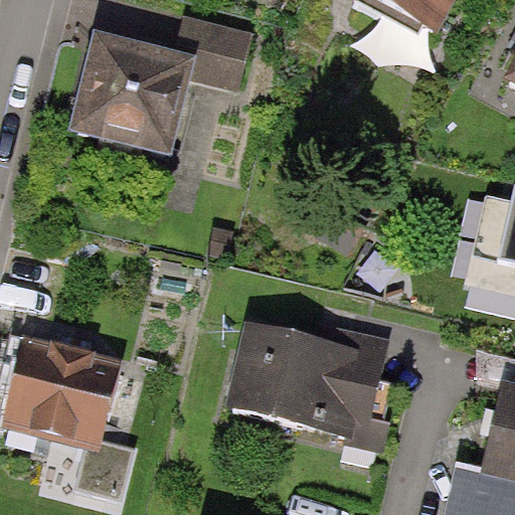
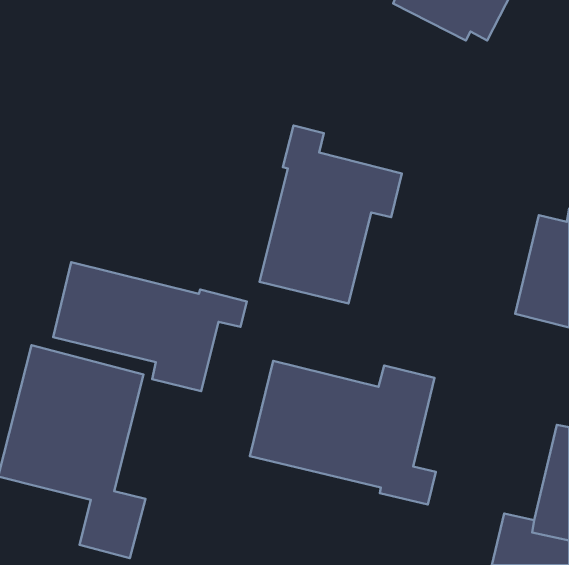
building: [67,20,251,160] -> none
building: none -> [259,126,402,304]
building: none -> [53,262,247,391]

